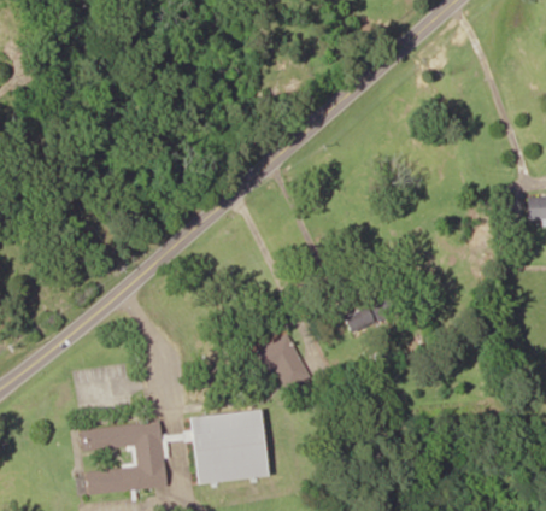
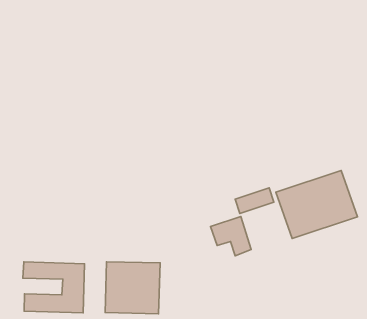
building: none -> [276,171,357,239]
building: [251,335,309,388] -> [210,216,251,256]

